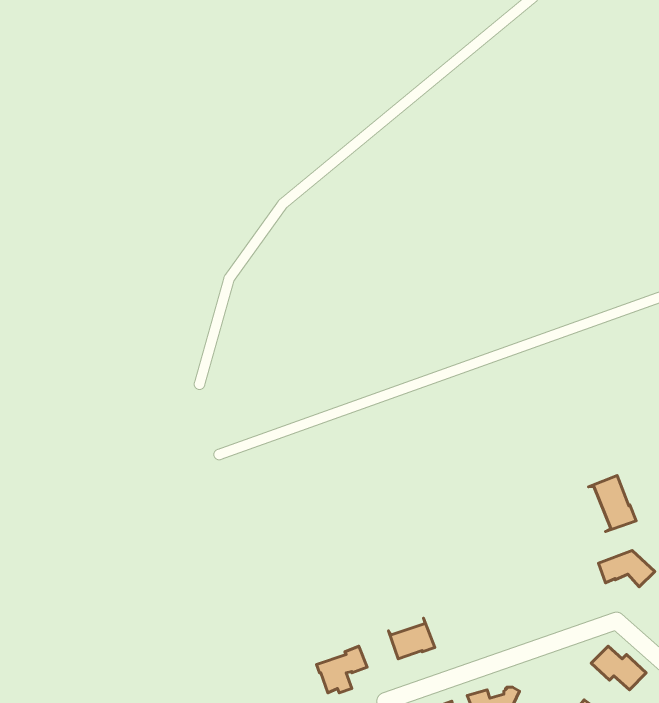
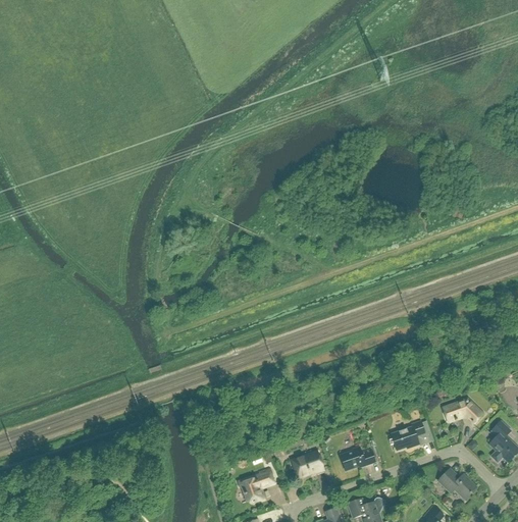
building: [589,476,636,531] -> none
building: none -> [391,421,425,450]
building: none -> [339,447,375,470]

